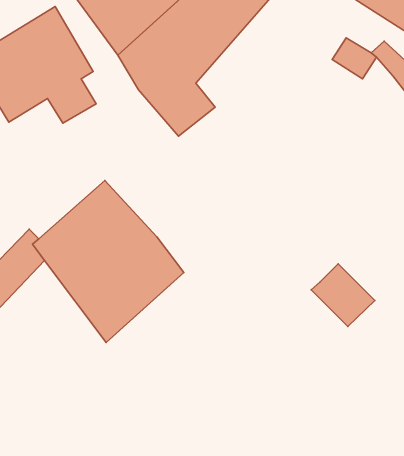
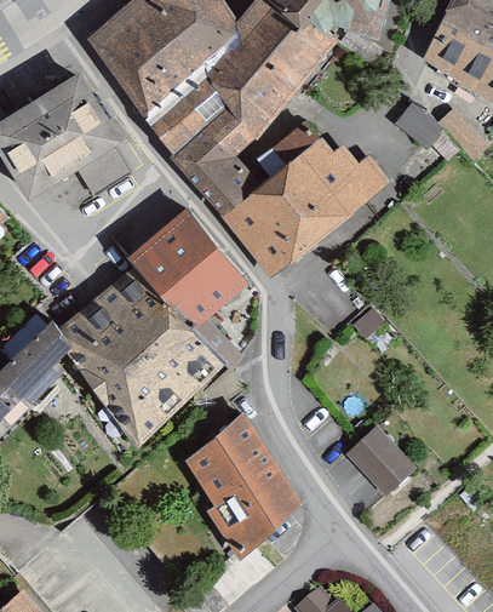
building: none -> [219,132,388,275]
building: none -> [130,207,246,326]
building: [311,264,375,327] -> [344,430,415,501]
building: none -> [180,413,305,554]

